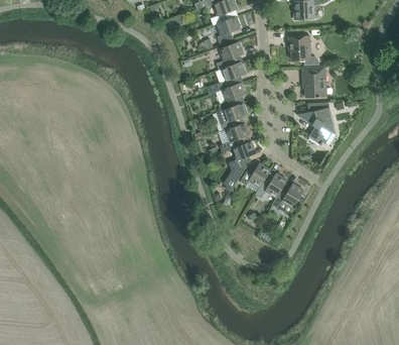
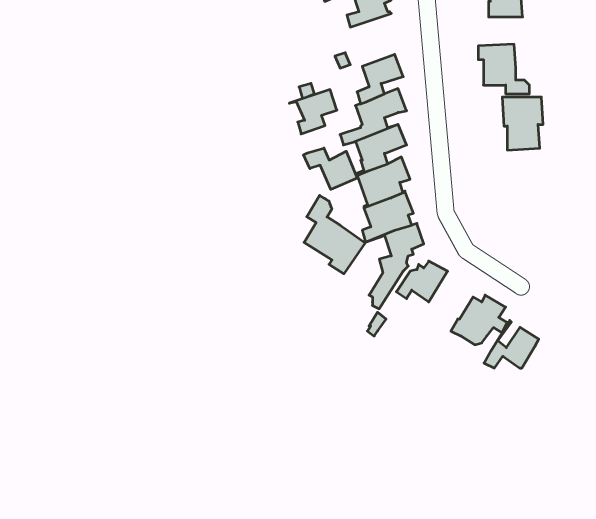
building: [213,17,241,43] -> [289,90,337,134]
building: none -> [303,148,357,189]
building: [309,108,336,145] -> none
building: none -> [304,195,365,274]
building: [255,169,287,198] -> [484,320,539,368]

